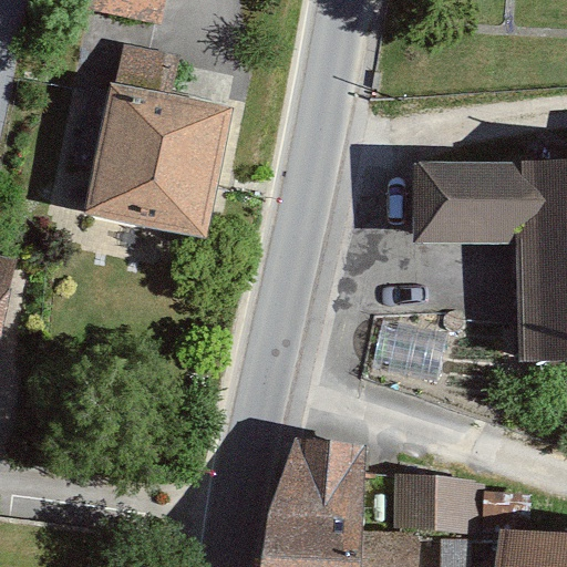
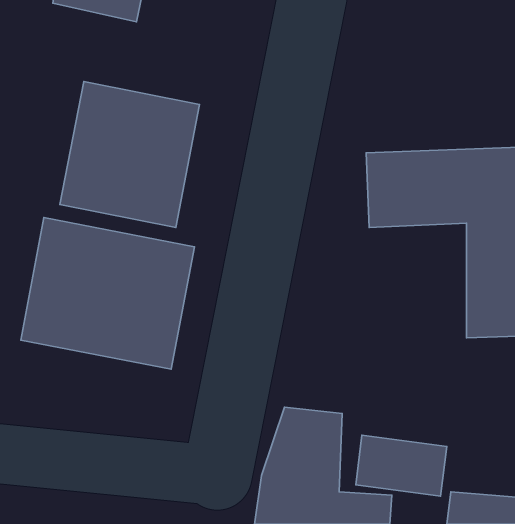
building: none -> [21,218,195,369]

